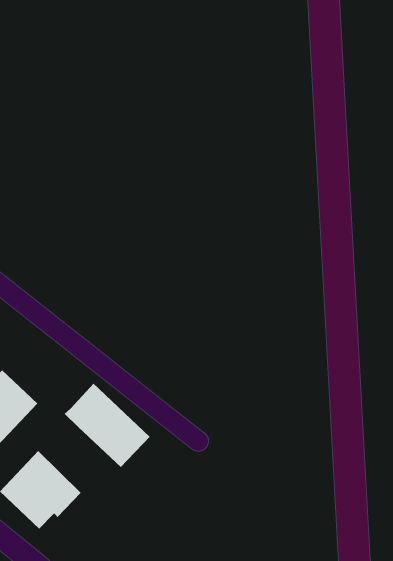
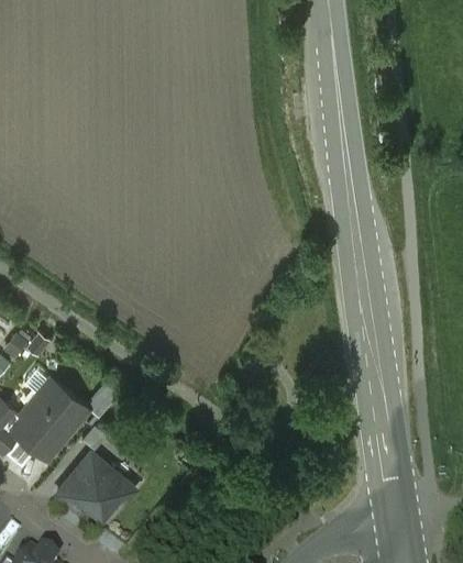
building: [64,383,150,468] -> none

